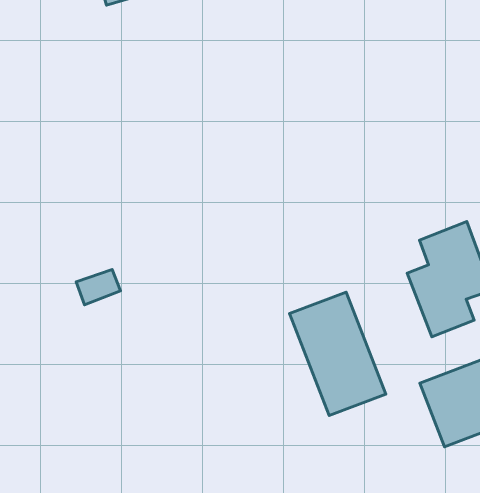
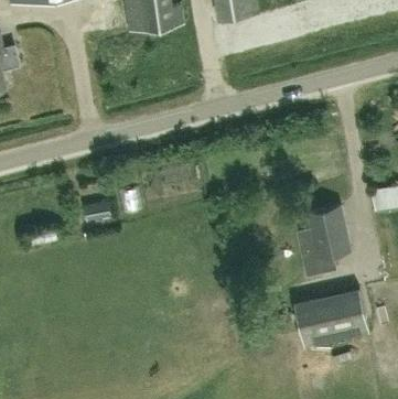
building: [290,292,386,416] -> none

